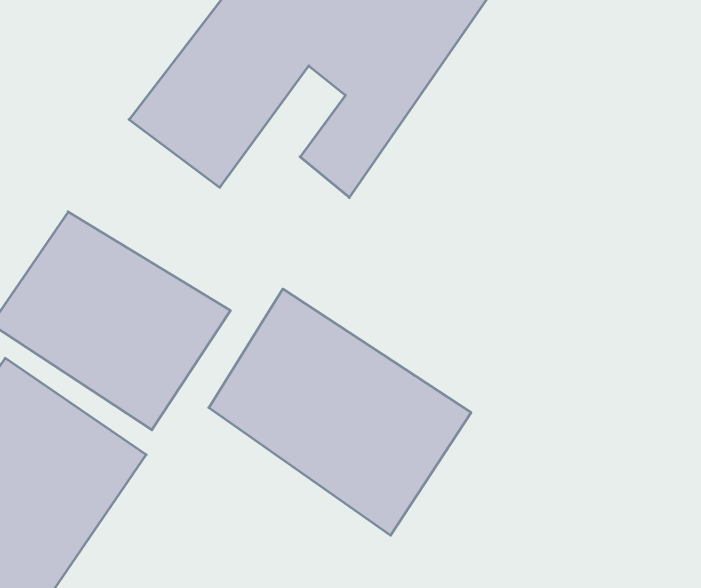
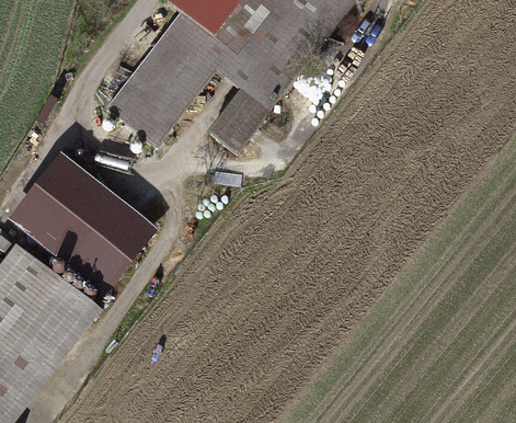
building: [209,289,471,535] -> none

